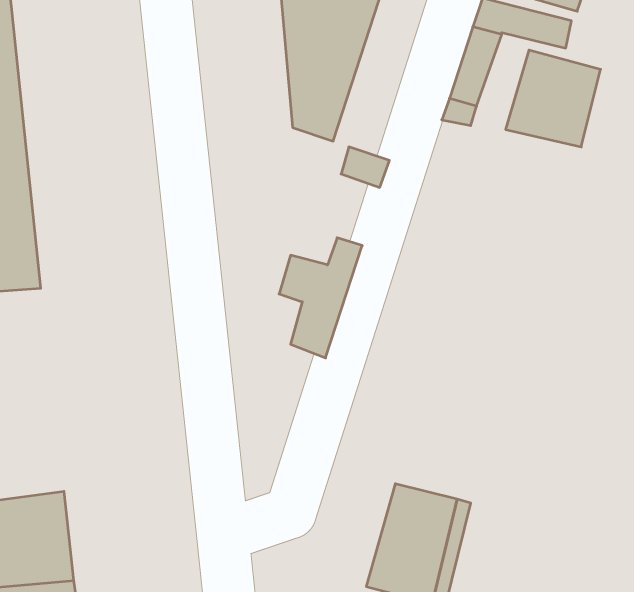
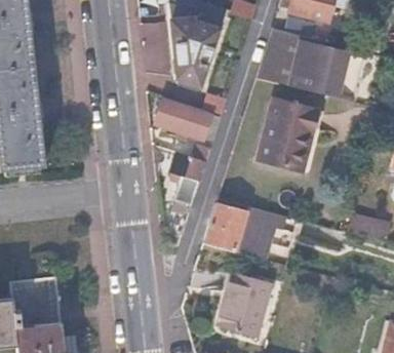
building: none -> [255,99,316,169]
building: none -> [158,100,214,138]
building: none -> [202,199,307,261]

